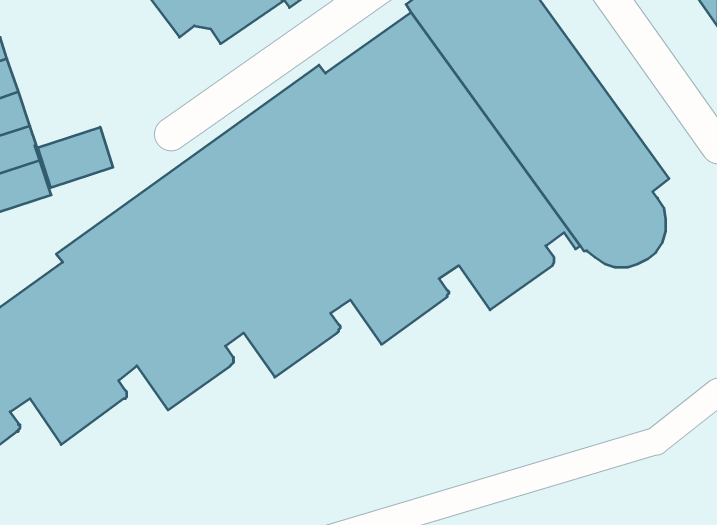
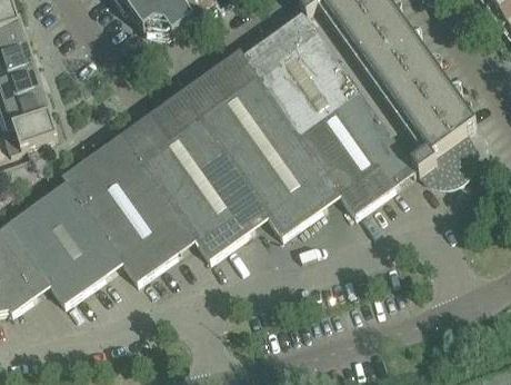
building: [38,127,113,188] -> none

